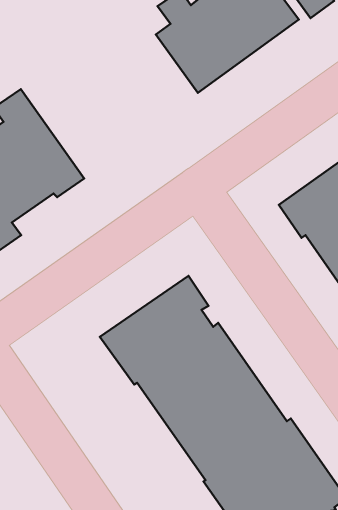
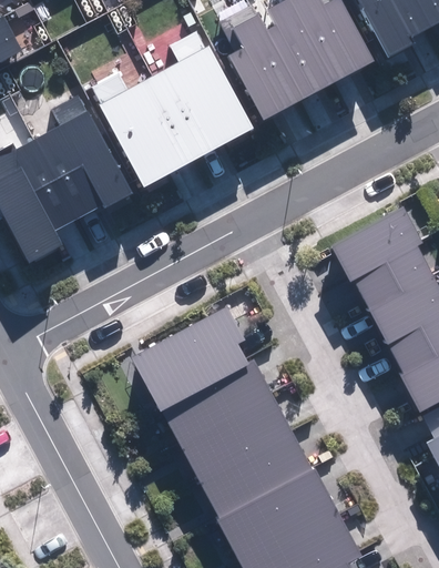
building: none -> [93,30,255,189]

